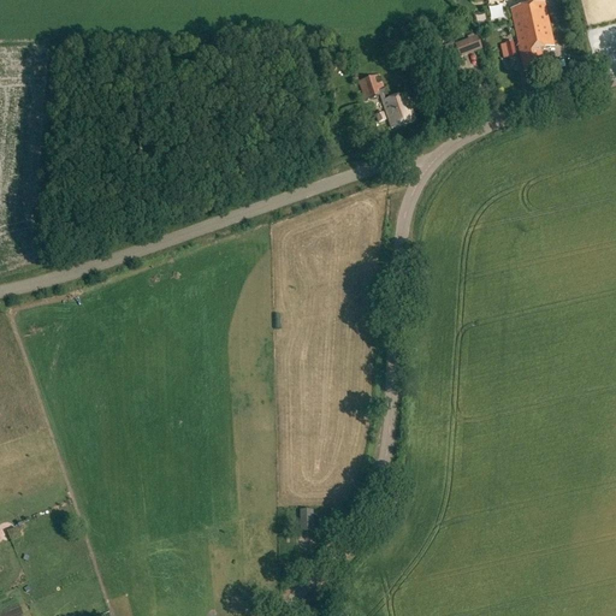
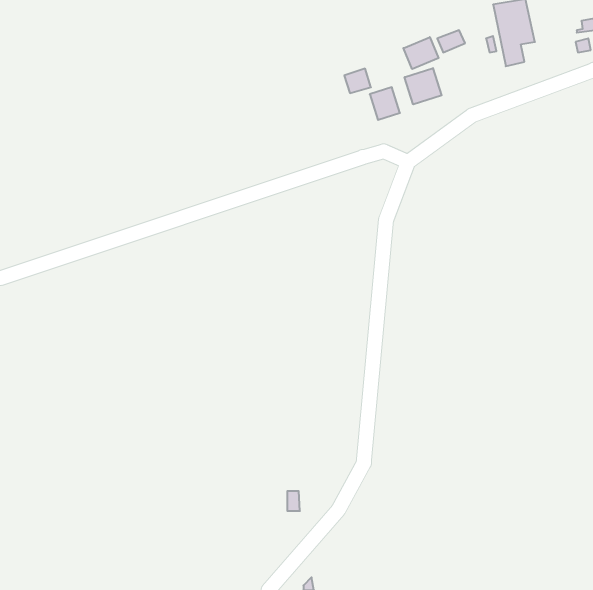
building: none -> [403,37,439,69]
building: none -> [405,68,442,104]

